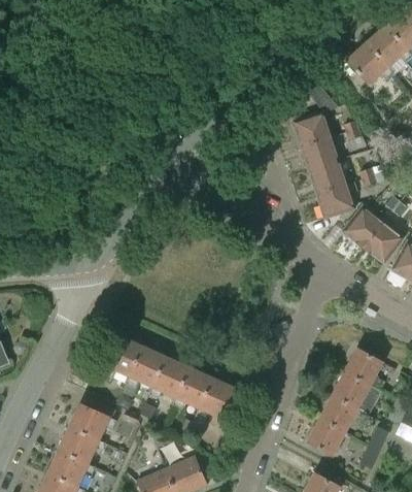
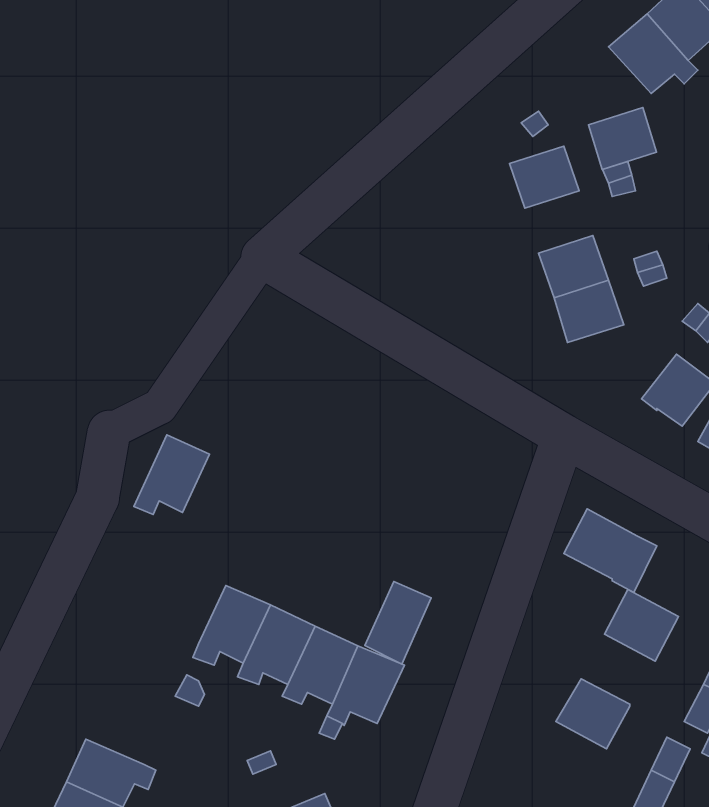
building: [302,136,338,169] -> [588,107,656,170]
building: [345,207,382,247] -> none
building: [103,335,143,378] -> [134,435,210,514]
building: none -> [365,582,431,664]
building: [332,371,381,416] -> [564,509,657,593]
building: [69,403,117,440] -> none
building: [306,418,345,456] -> none

